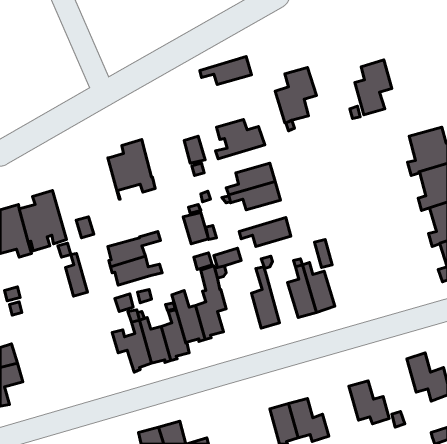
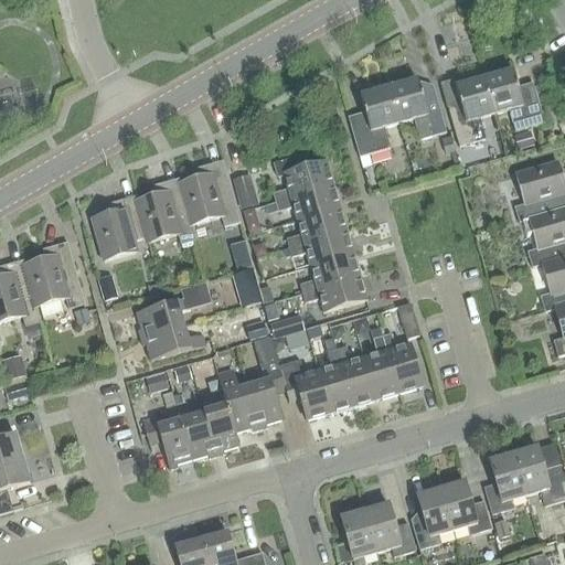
building: none -> [484,67,544,128]
building: [200,57,251,85] -> [276,182,341,217]
building: none -> [388,76,446,137]
building: none -> [181,158,241,224]
building: none -> [93,193,151,258]
building: none -> [299,252,361,291]
building: [65,253,87,296] -> none
building: none -> [337,344,376,406]
building: none -> [279,358,330,419]
building: none -> [483,451,525,513]
building: none -> [411,486,452,547]

